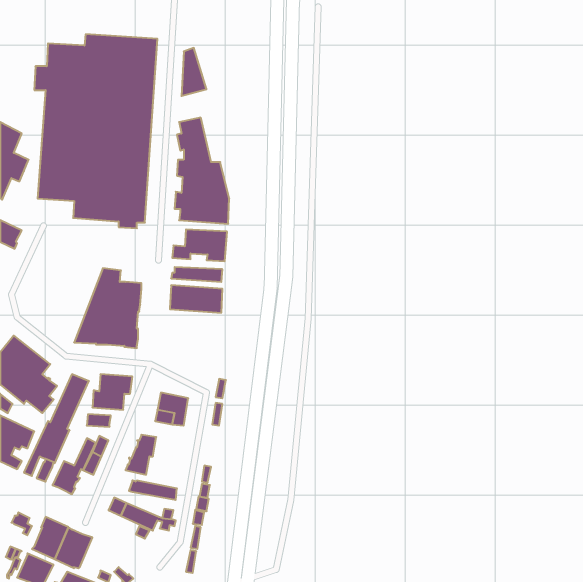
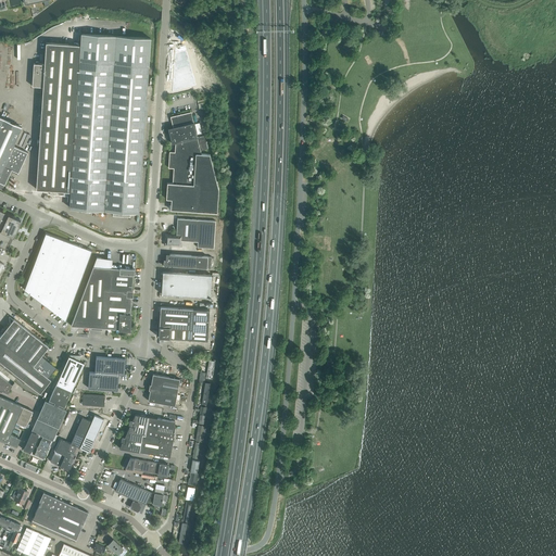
building: none -> [24,233,92,321]
building: none -> [157,307,210,341]
building: none -> [139,417,176,458]

